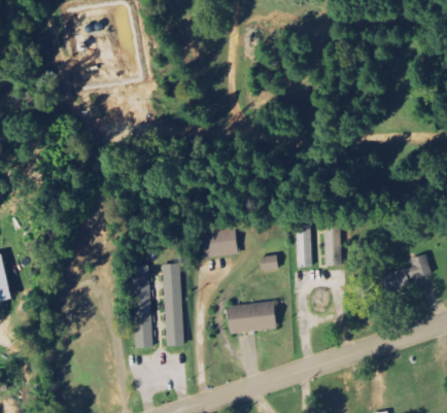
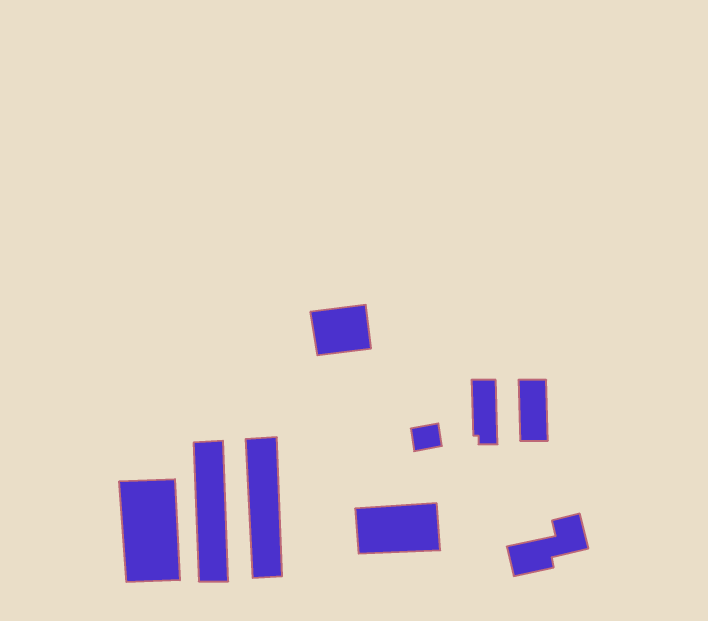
building: [202,228,238,257] -> [310,305,371,355]
building: [382,253,431,290] -> [507,514,588,576]
building: none -> [119,479,180,582]

